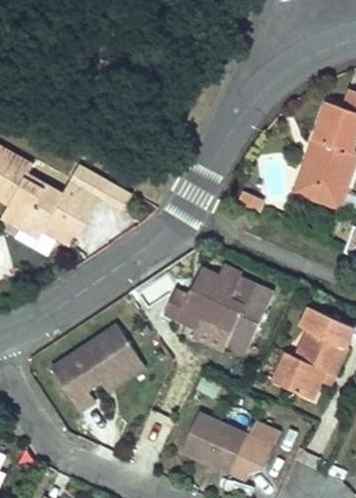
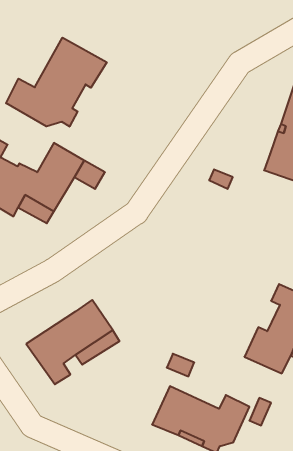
building: none -> [6,38,107,127]
building: [162,267,272,353] -> none

